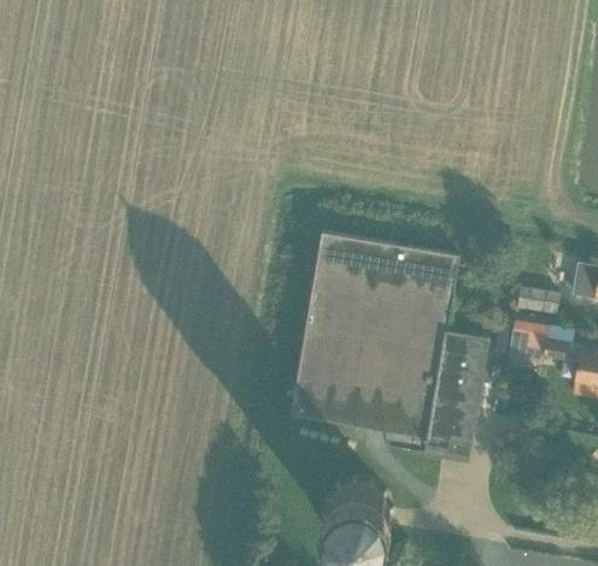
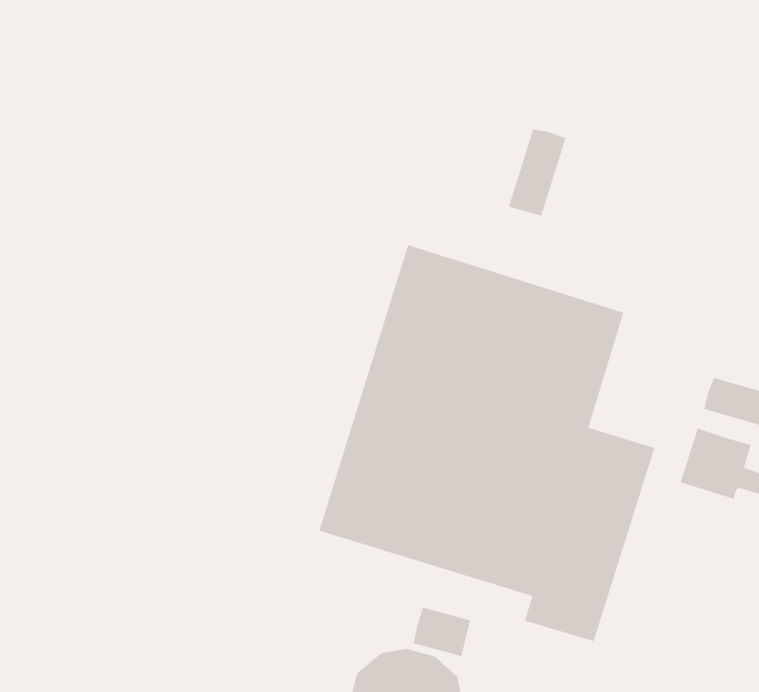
building: none -> [508,128,566,217]
building: none -> [413,607,471,657]

